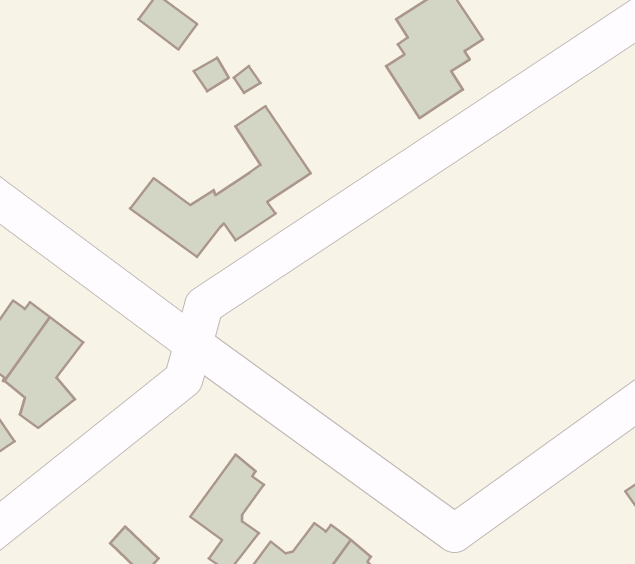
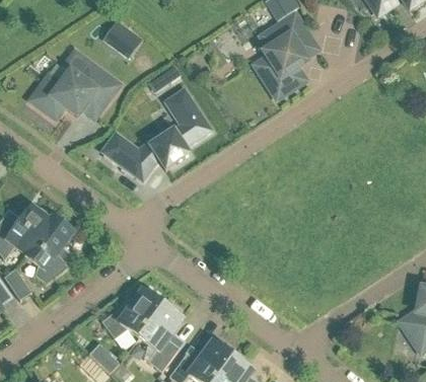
building: none -> [33,53,117,116]
building: none -> [101,290,165,338]

